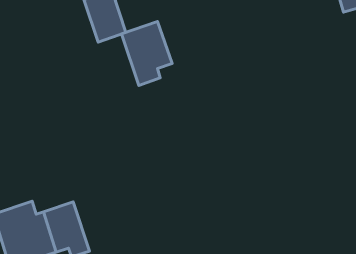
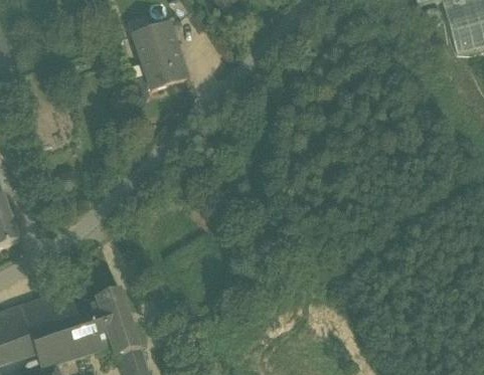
building: [121,22,172,85] -> none

